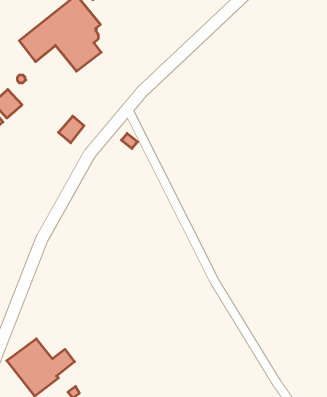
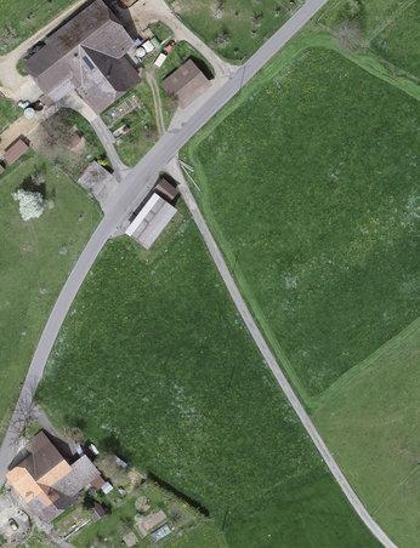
building: none -> [165,62,204,101]
building: none -> [131,194,174,244]

